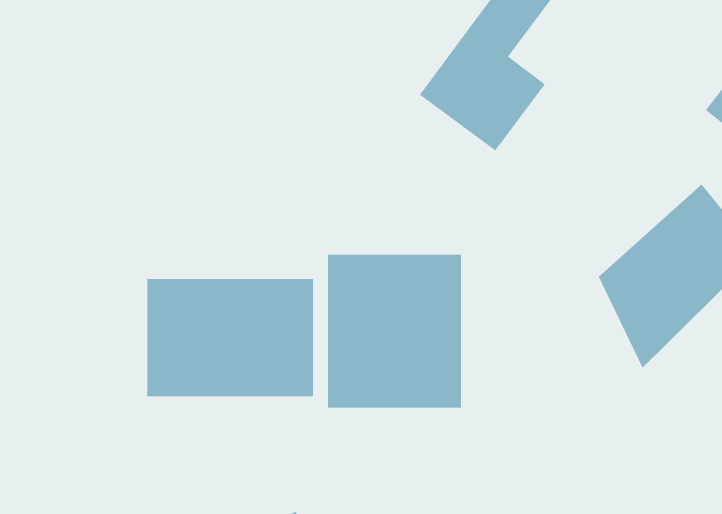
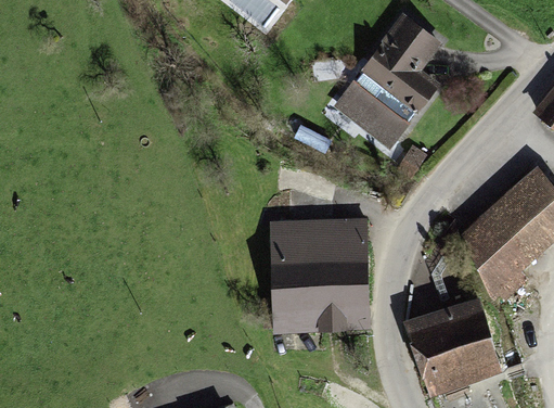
building: [147,278,314,397] -> none
building: none -> [405,301,502,399]

